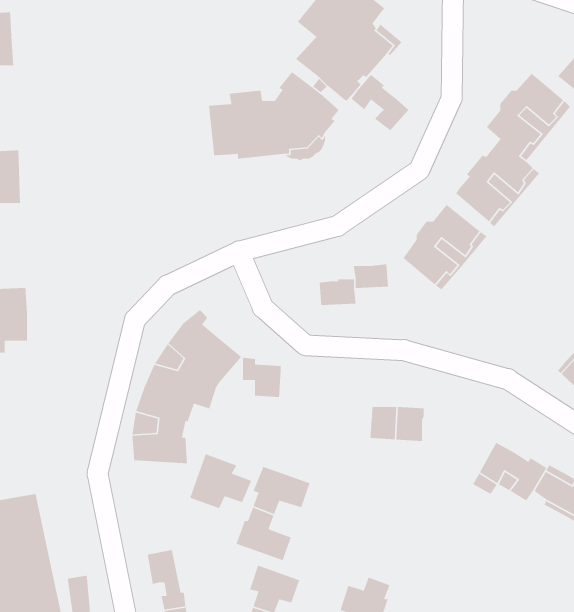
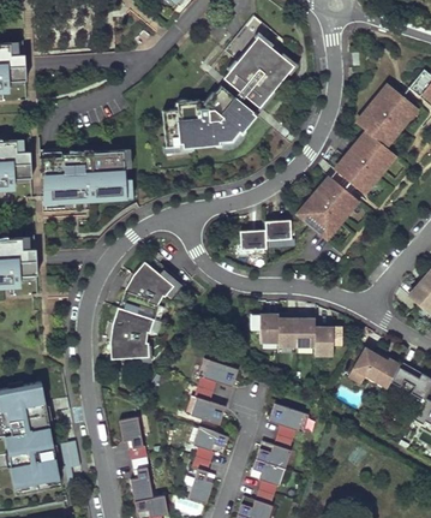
building: [350,74,409,131] -> none
building: none -> [40,149,131,201]
building: [242,357,281,398] -> [250,311,277,340]
building: none -> [312,328,341,355]
building: [189,453,252,509] -> none
building: none -> [267,410,307,447]

